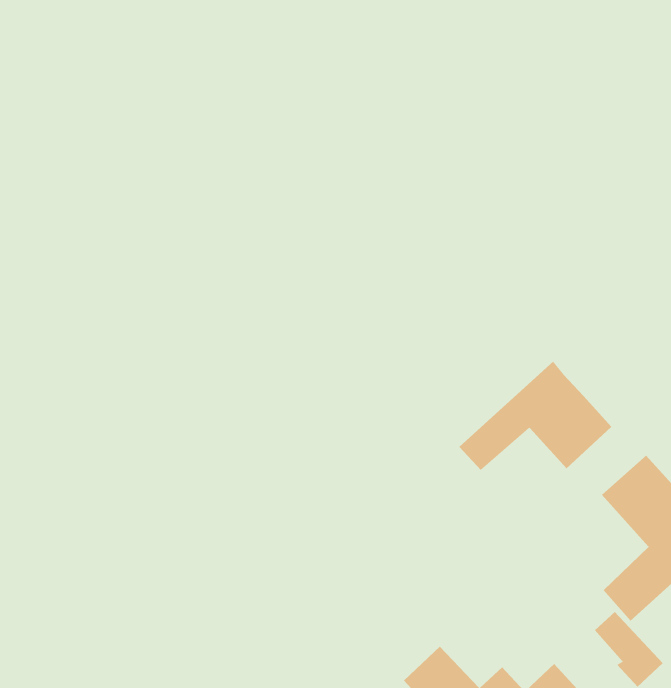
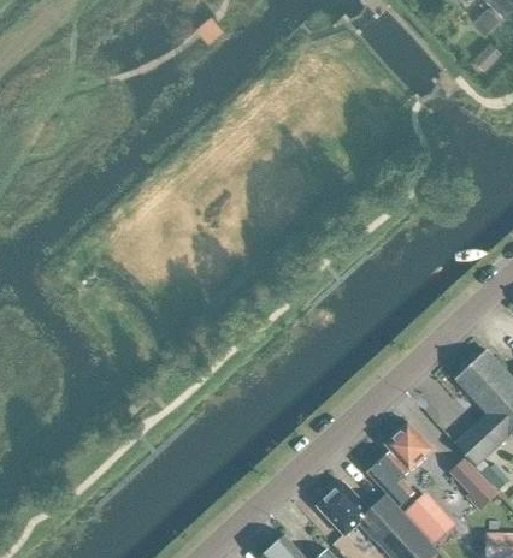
building: [458,361,612,471] -> none
building: none -> [370,421,434,505]

